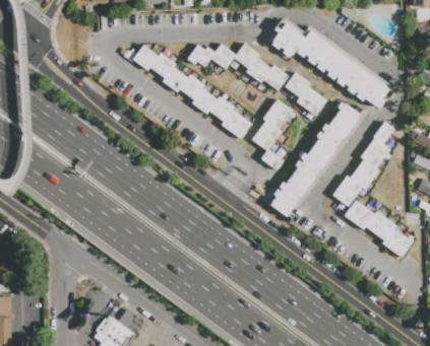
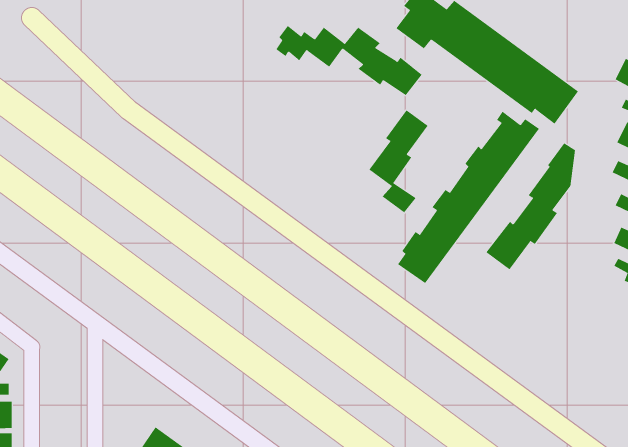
building: [132,45,251,139] -> none
building: [284,72,326,117] -> none
building: [343,200,411,258] -> none

